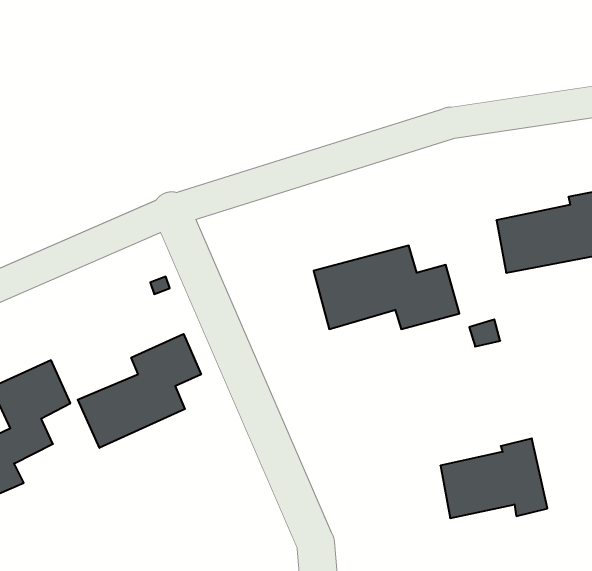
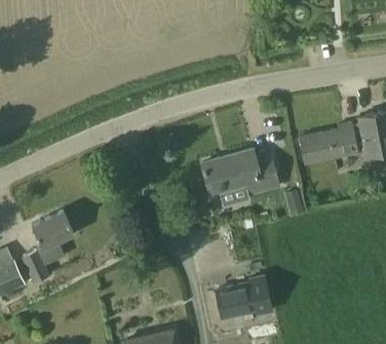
building: [78,334,201,448] -> none
building: [440,438,547,518] -> [216,275,272,317]

